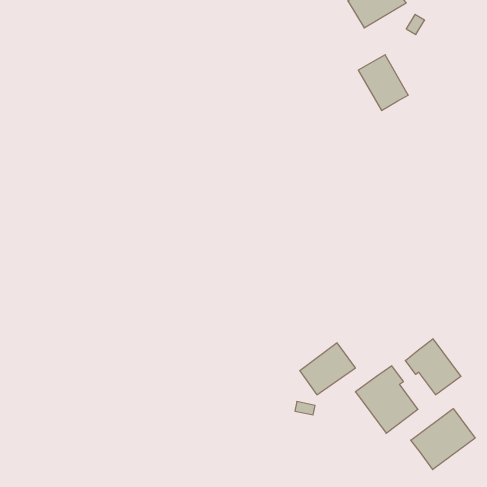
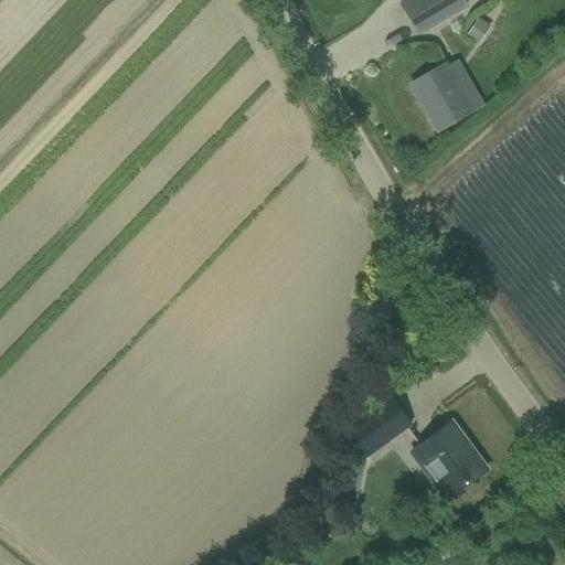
building: [405,339,461,395] -> none
building: [411,409,475,470] -> none

